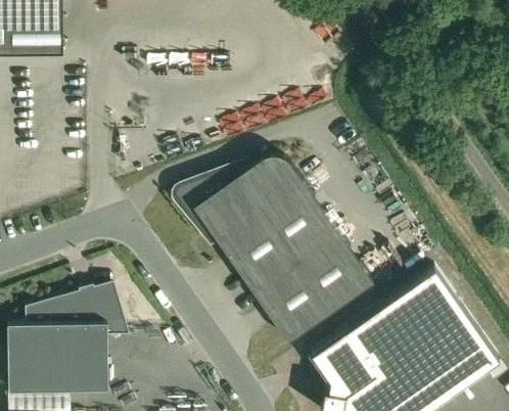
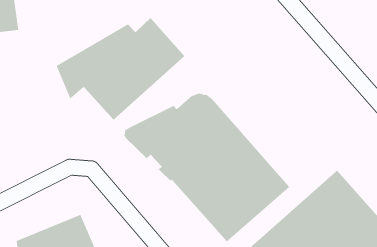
building: none -> [56,17,185,120]

